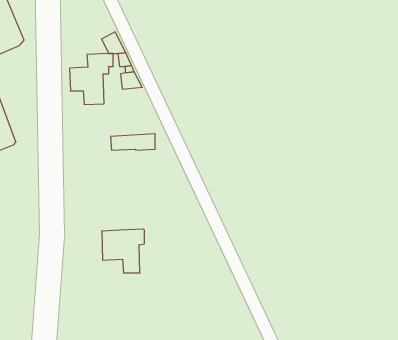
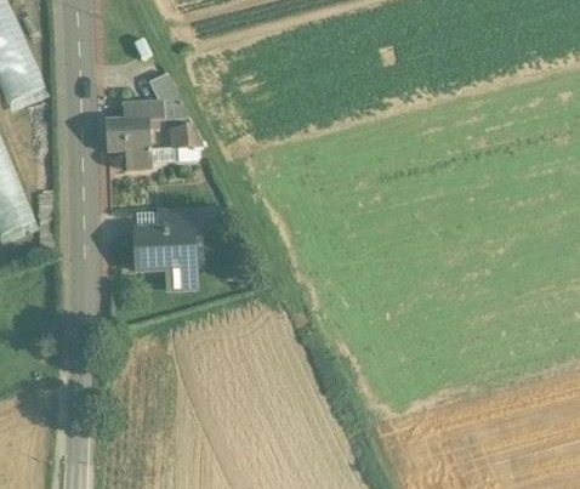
building: [102,229,144,273] -> [135,229,192,288]

